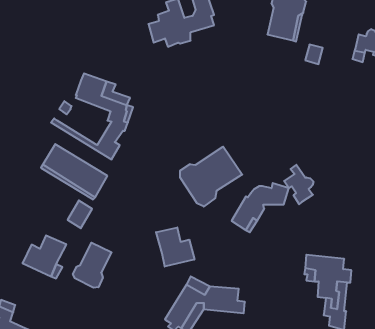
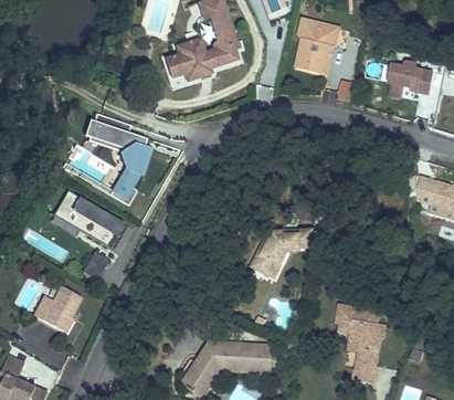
building: [180,147,242,207] -> none
building: [284,165,313,204] -> none
building: [156,227,194,267] -> none
building: [73,243,112,288] -> none

